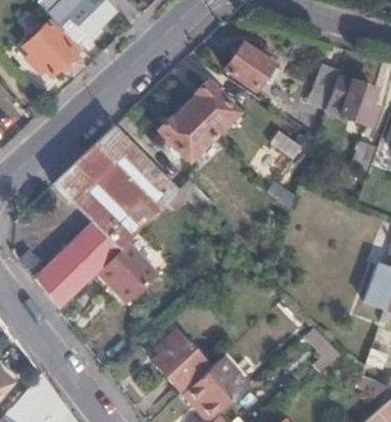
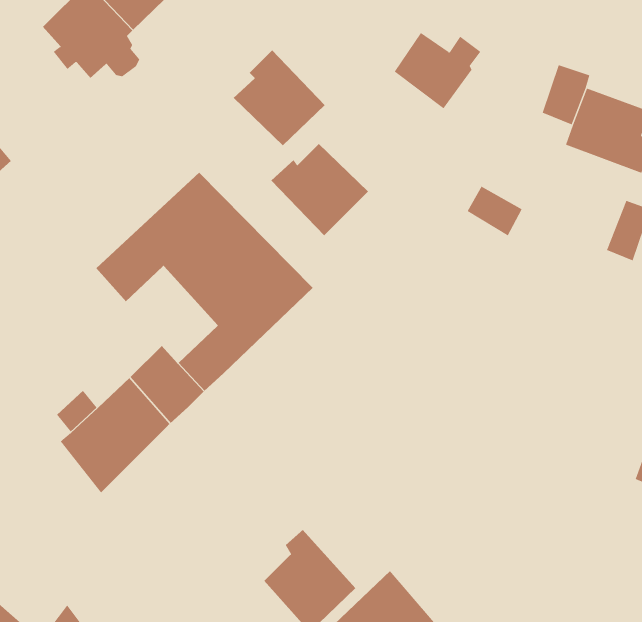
building: [184,82,237,137] -> [233,50,326,146]
building: [74,180,126,235] -> none
building: [98,241,160,302] -> none

